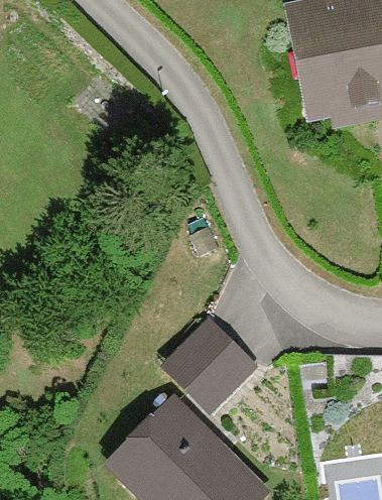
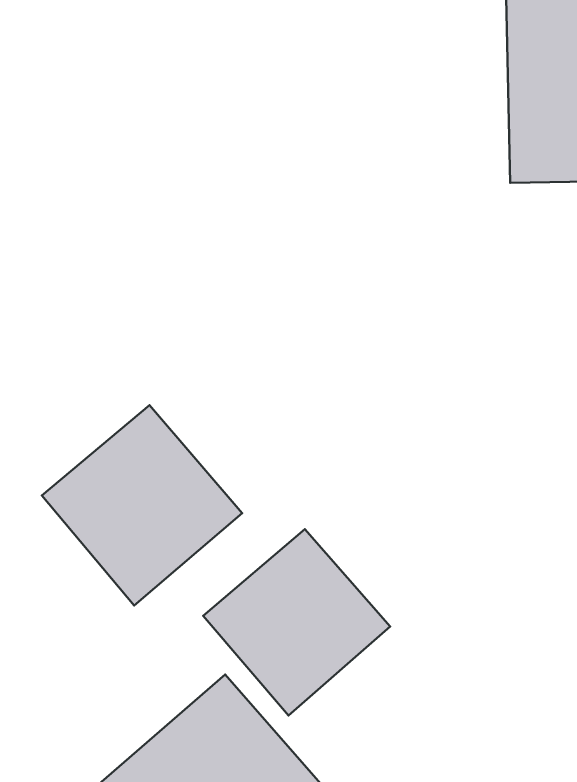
building: none -> [42,405,242,605]

